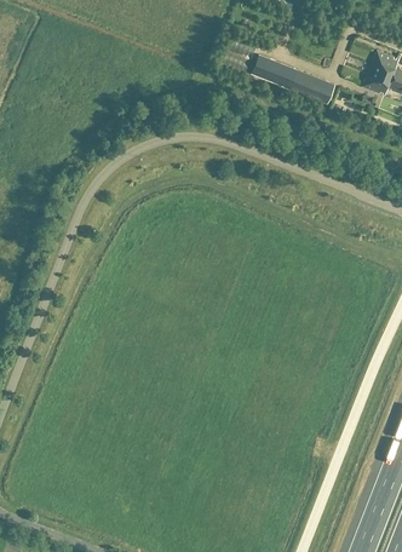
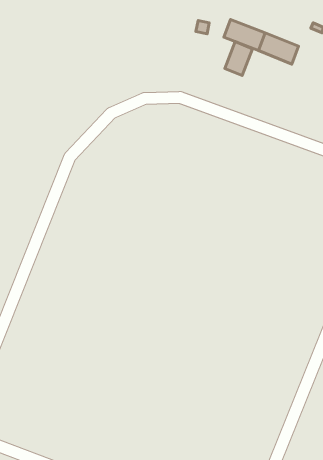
building: none -> [225,42,253,76]

